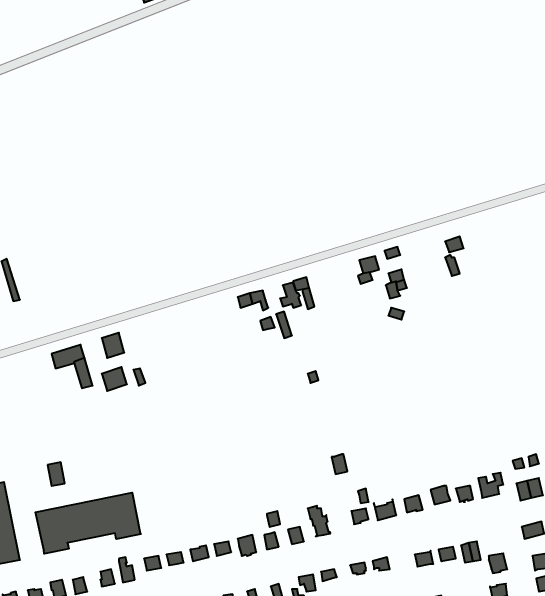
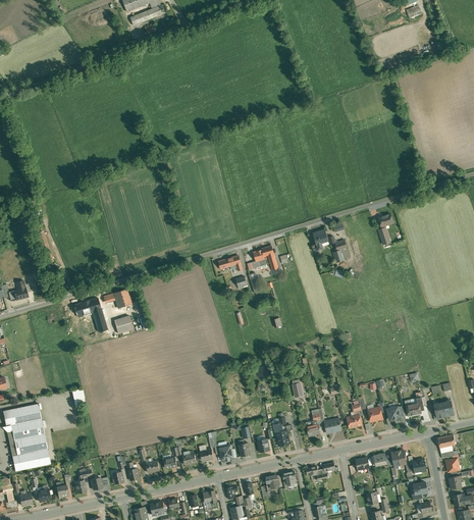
building: [35,493,141,554] -> none

